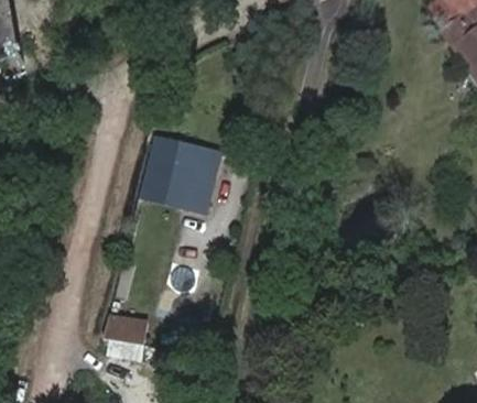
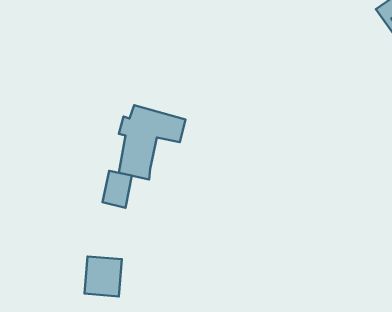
building: [182,172,216,215] -> [102,171,132,208]

